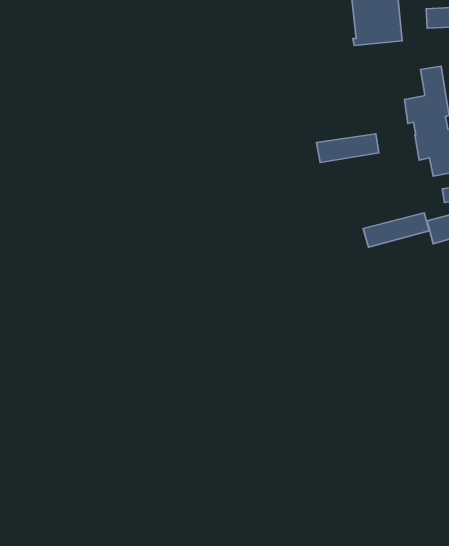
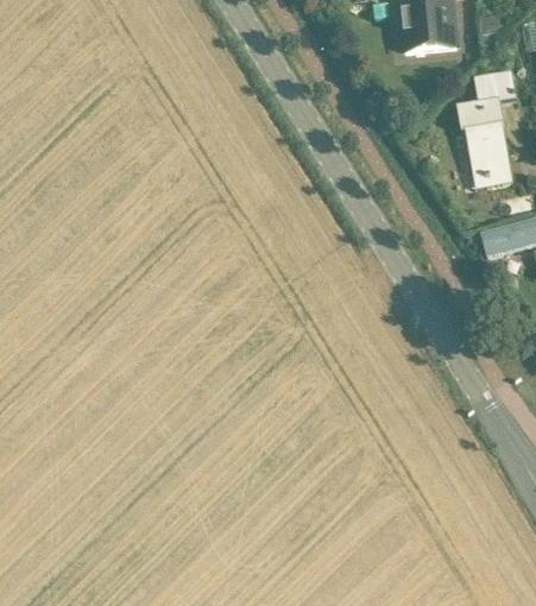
building: [316,134,379,162] -> none
building: [363,213,429,247] -> none

